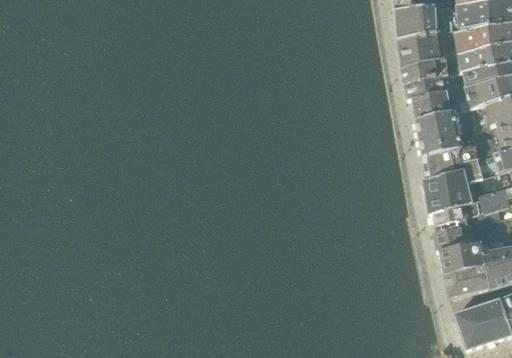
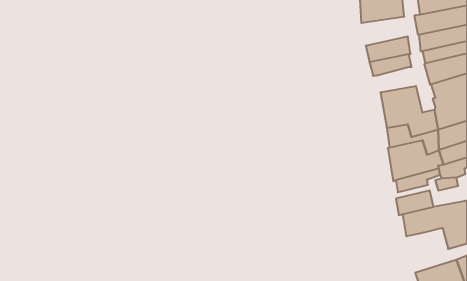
building: [395,34,446,66] -> none
building: [413,89,451,117] -> none
building: [443,265,490,299] -> none

